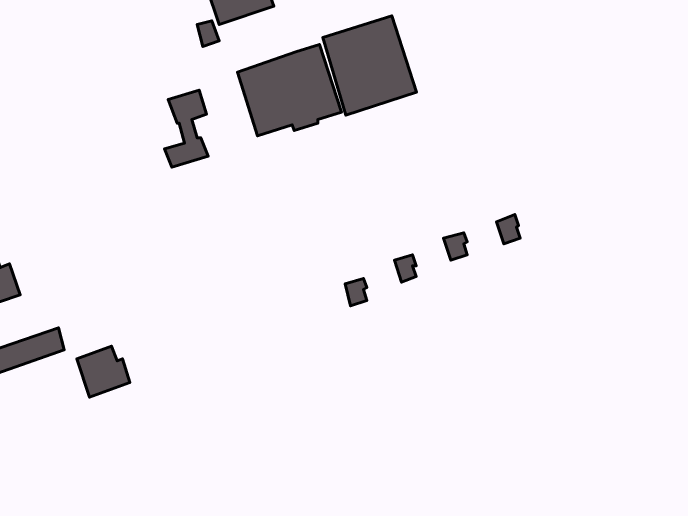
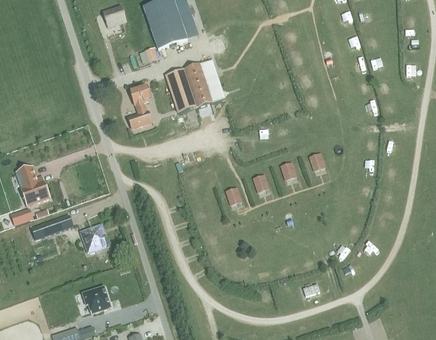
building: [323,16,417,115] -> none
building: none -> [81,285,109,313]

